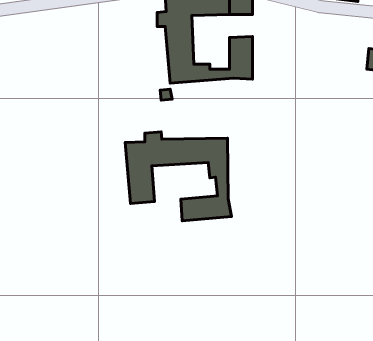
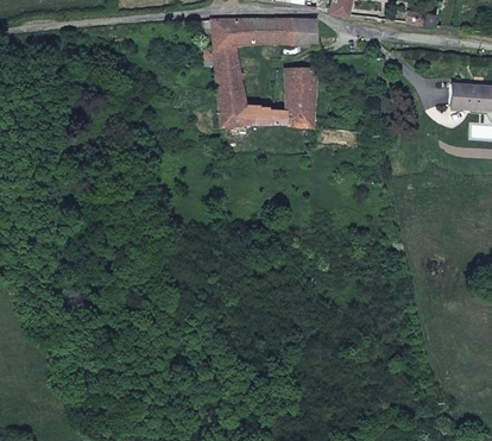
building: [125,132,231,221] -> none

